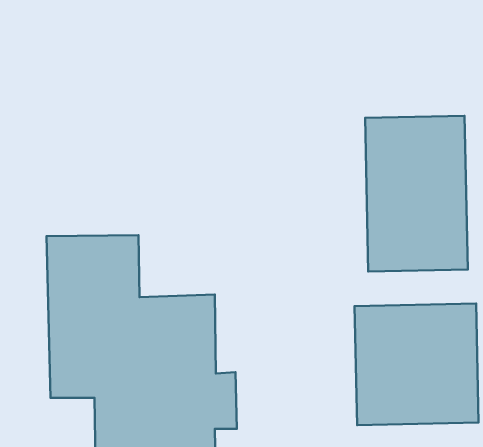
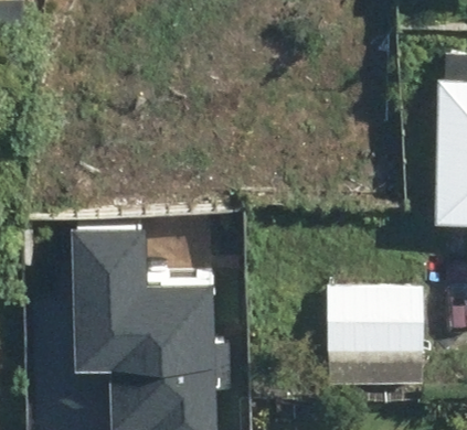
building: [365,116,468,272] -> none

